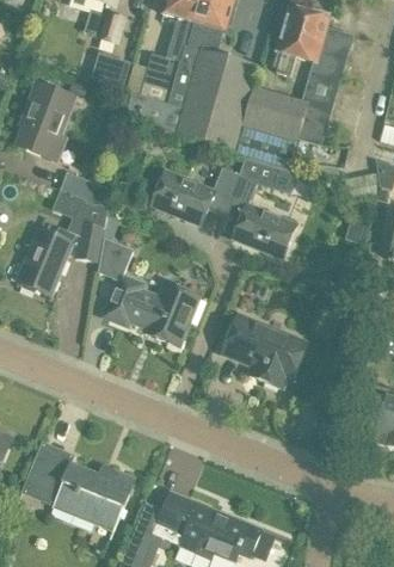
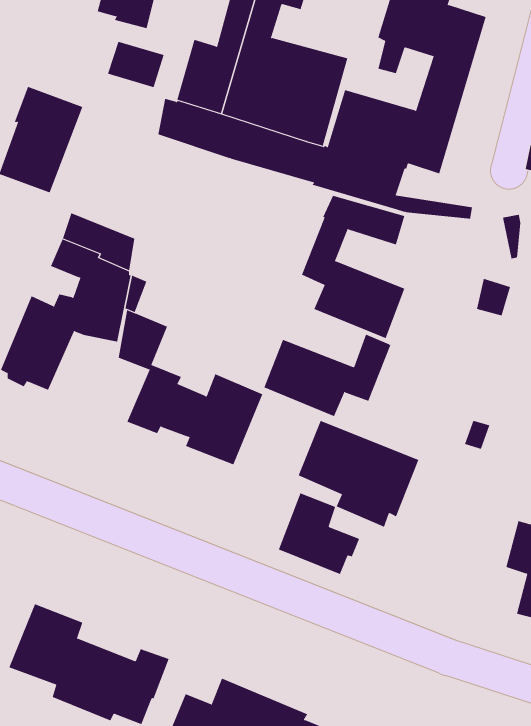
building: [152,167,240,224] -> [263,334,391,417]
building: none -> [278,492,360,575]

